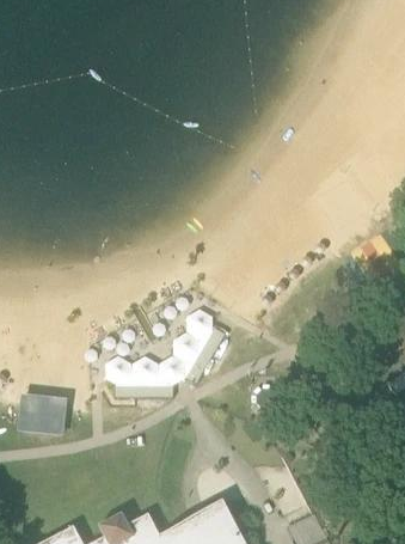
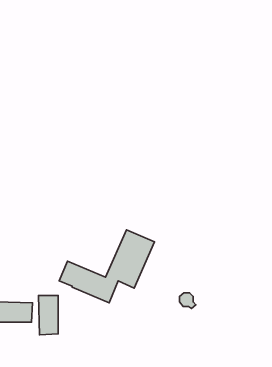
building: none -> [39,296,58,335]

